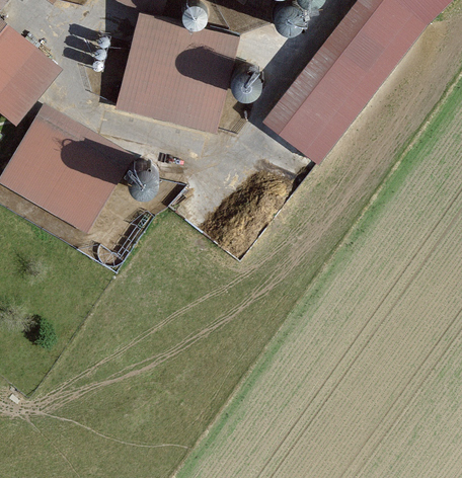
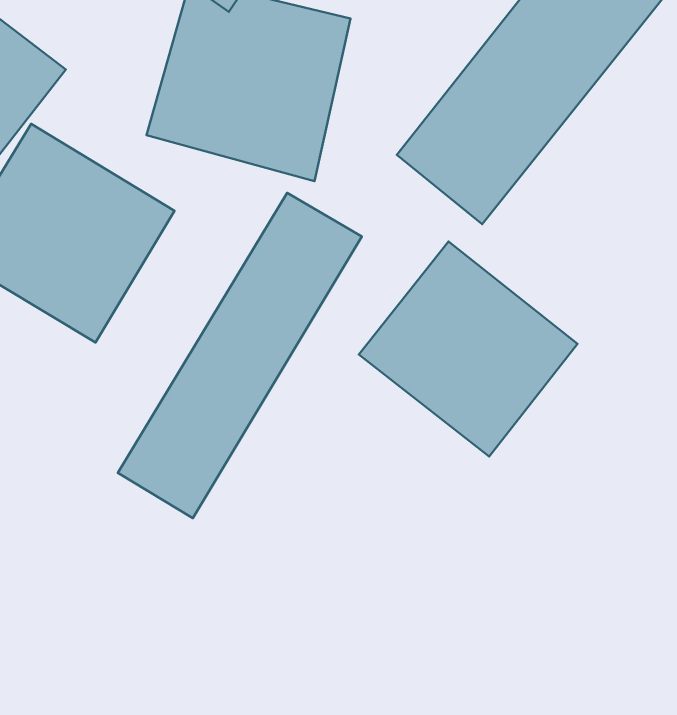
building: none -> [118,193,362,518]
building: none -> [359,241,577,457]

